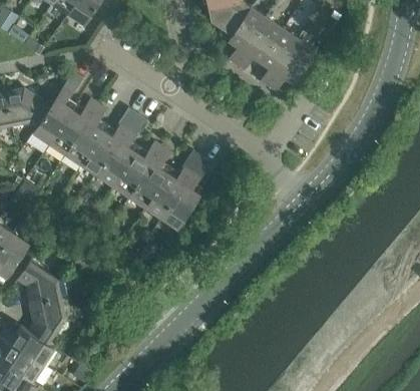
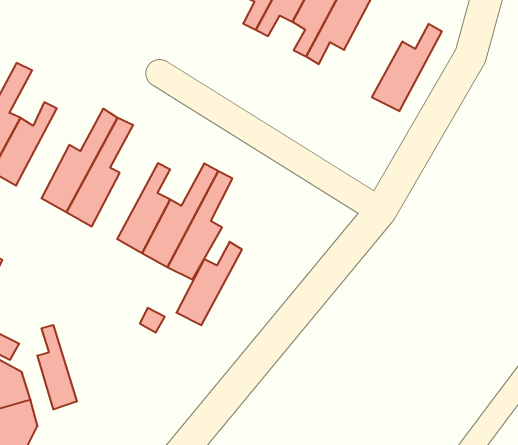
building: none -> [372,24,442,111]
building: [65,105,105,164] -> none
building: [113,142,161,197] -> [176,242,242,325]
building: none -> [37,325,77,409]

